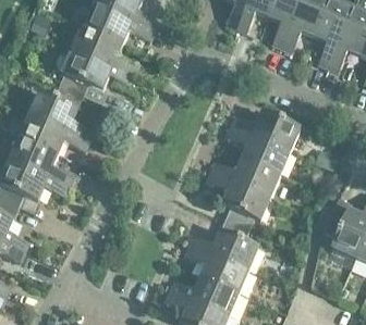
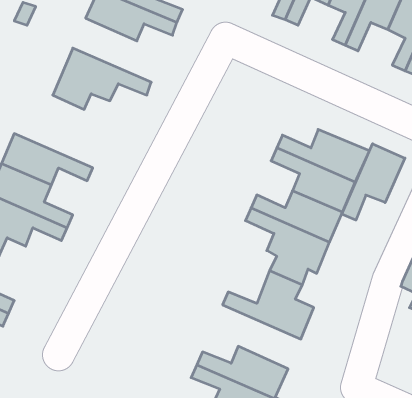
building: [74,26,138,75] -> none
building: [29,85,94,140] -> none
building: none -> [342,144,405,220]
building: [184,245,248,293] -> none

